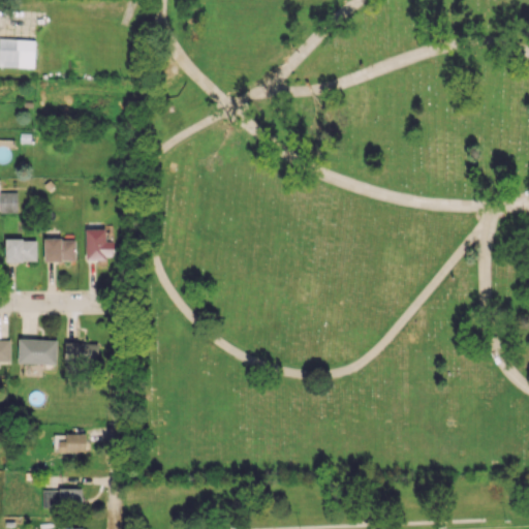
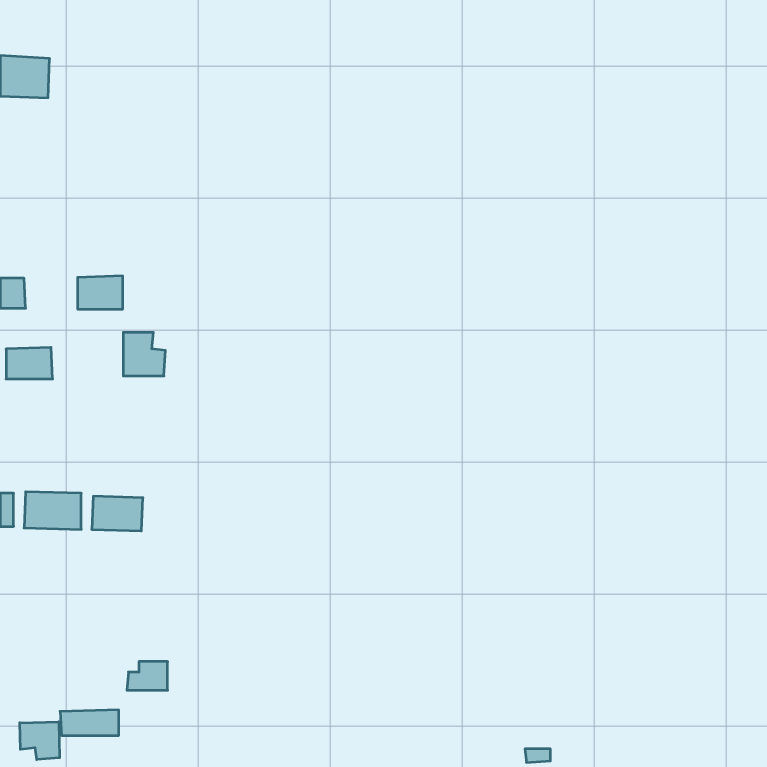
building: [44,239,75,261] -> [78,276,123,309]
building: [58,434,86,454] -> [127,662,168,690]
building: none -> [20,722,60,760]

